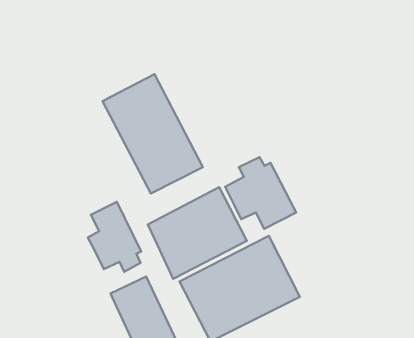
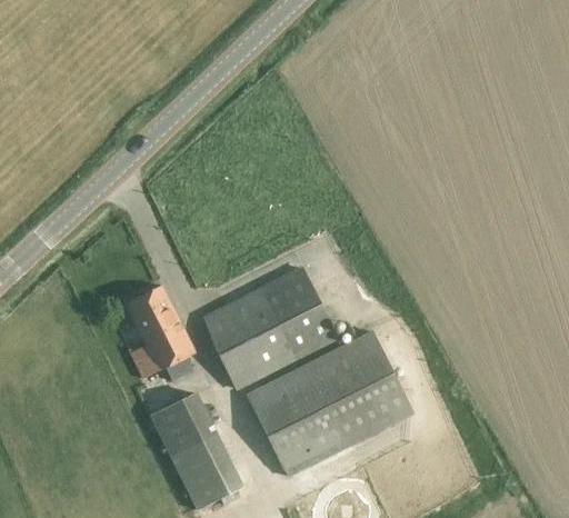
building: [102,74,203,194] -> none
building: [225,157,296,229] -> none

